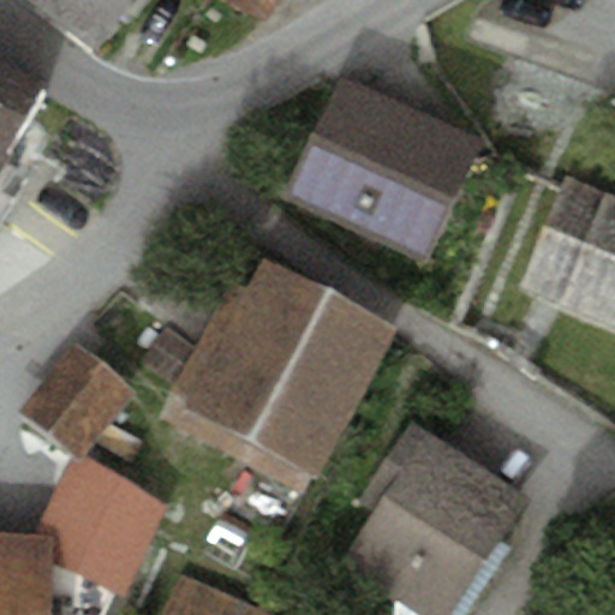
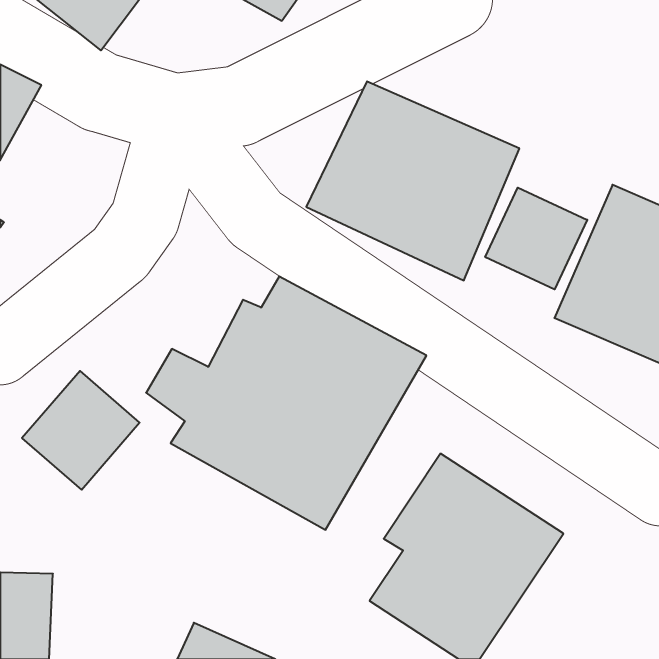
building: none -> [485,188,587,289]
building: [91,478,171,589] -> none

